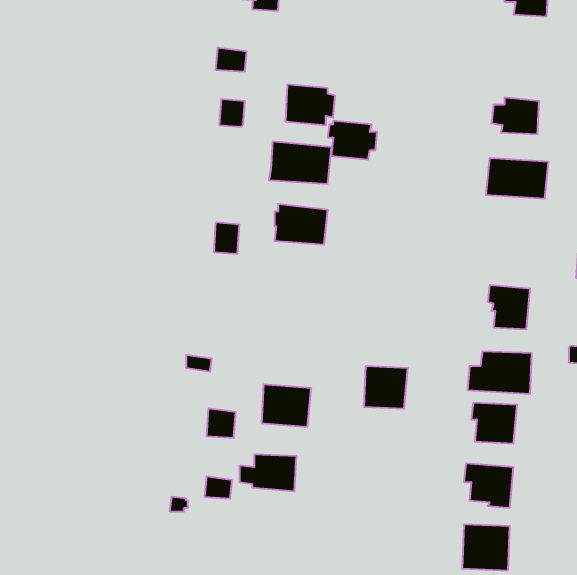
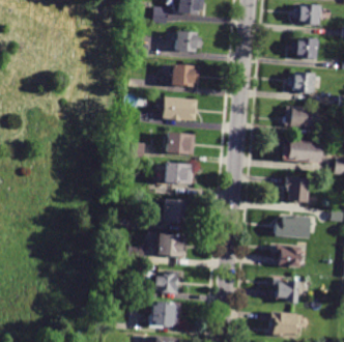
building: none -> [290,37,317,59]
building: [328,121,377,160] -> [172,30,200,52]
building: none -> [281,139,320,162]
building: none -> [164,162,192,183]
building: [364,366,408,409] -> [162,199,187,223]
building: none -> [150,301,179,326]

